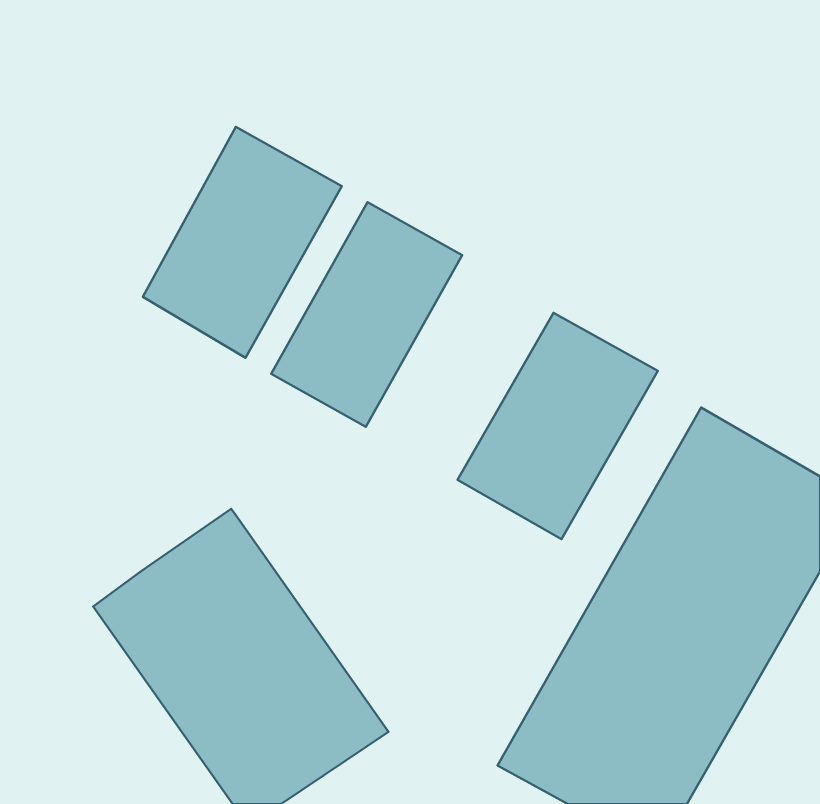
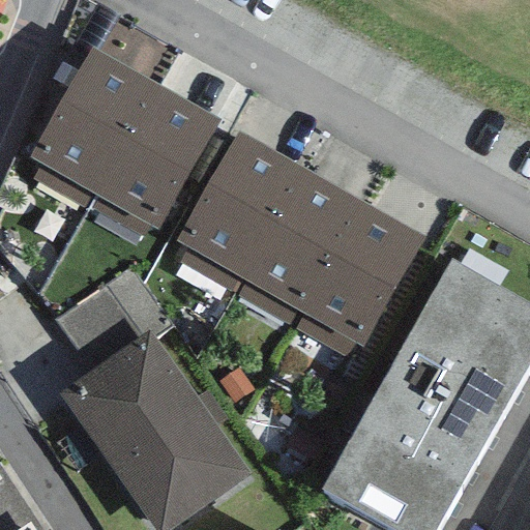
building: none -> [31,49,152,192]
building: none -> [236,165,357,310]
building: none -> [55,263,170,369]

